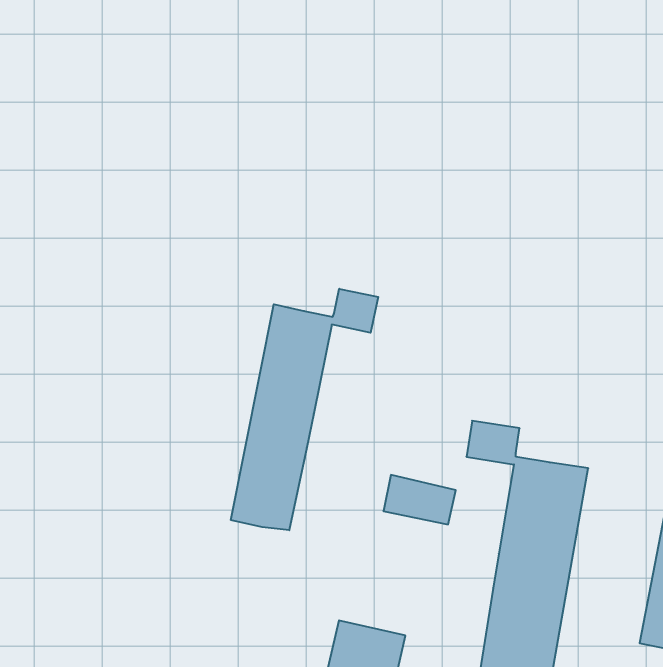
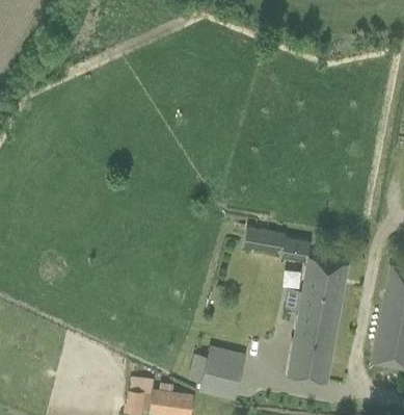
building: [231,289,378,530] -> none
building: [383,475,456,524] -> [243,227,282,254]

